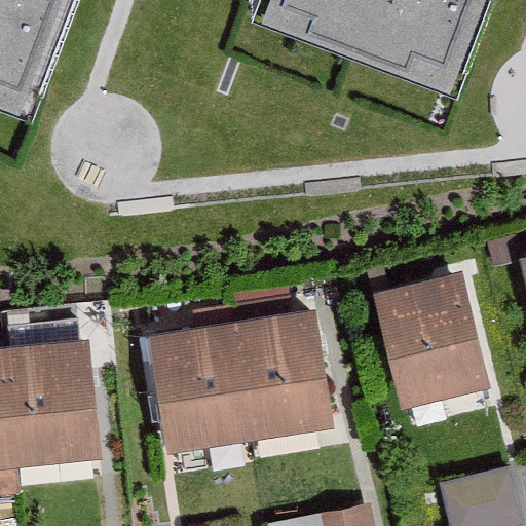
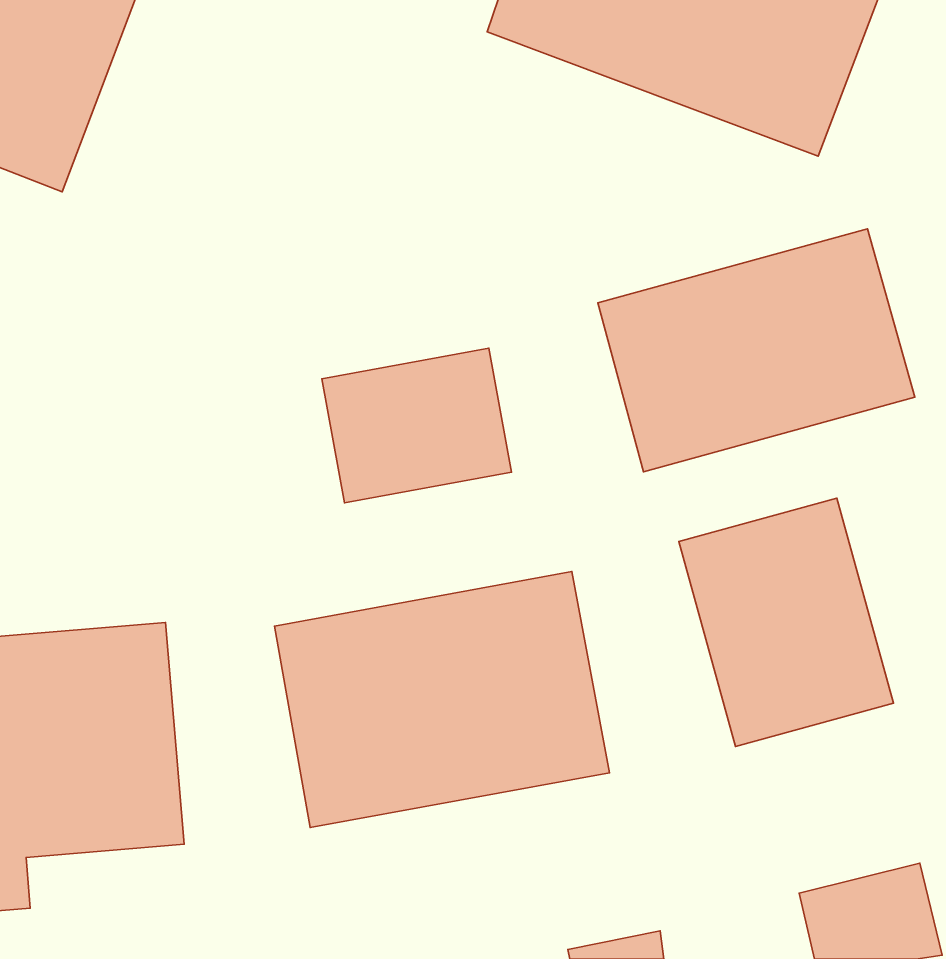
building: none -> [598,229,915,472]
building: none -> [322,348,511,503]

